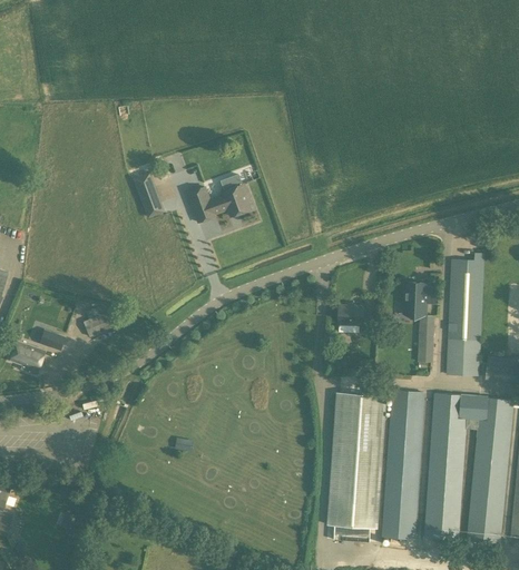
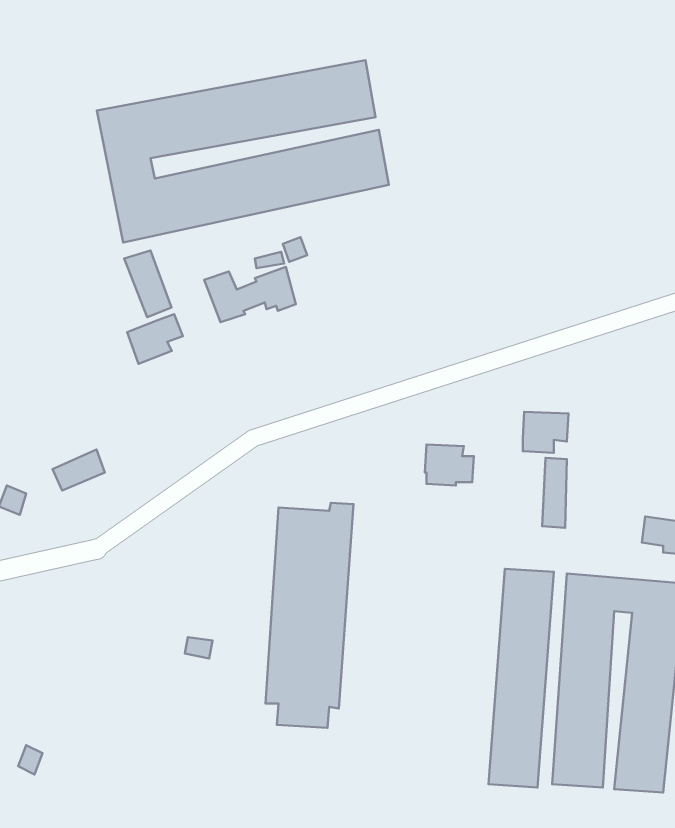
building: none -> [97,60,389,242]
building: none -> [127,314,183,364]
building: [445,253,484,375] -> none
building: [326,389,386,542] -> [265,503,354,728]

